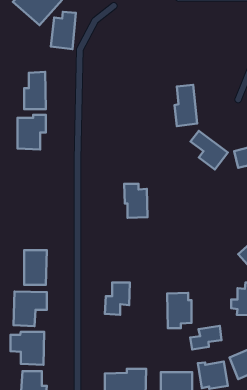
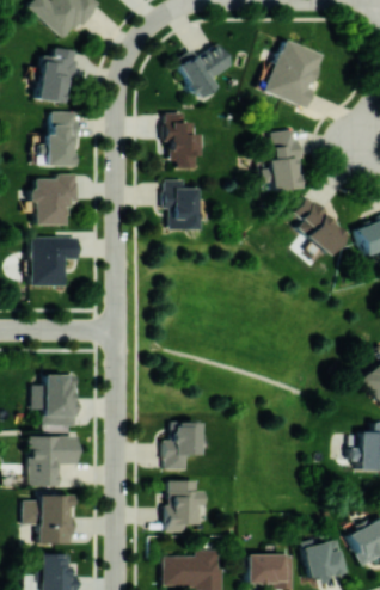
building: [51,12,76,49] -> [37,49,74,104]
building: none -> [265,39,324,109]
building: none -> [173,44,233,99]
building: none -> [165,113,198,170]
building: none -> [30,238,78,287]
building: [124,184,148,218] -> [165,180,200,231]
building: [167,293,191,328] -> [166,480,202,533]
building: [190,326,221,350] -> none

